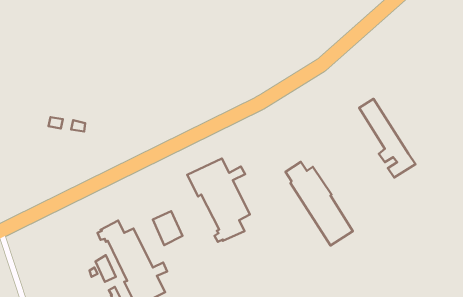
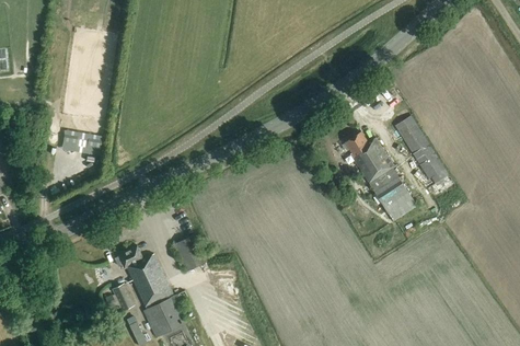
building: [187,158,250,242] -> none
building: [285,162,353,246] -> [345,131,417,221]

